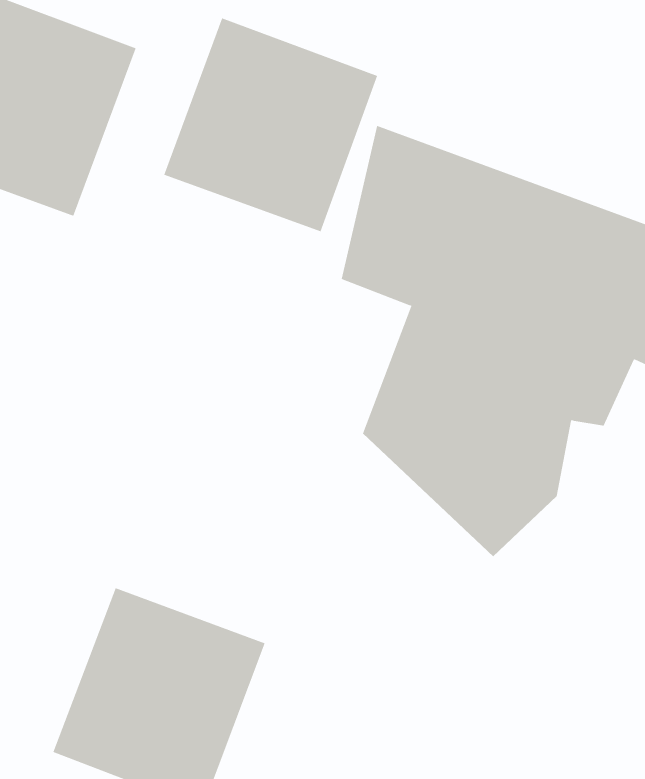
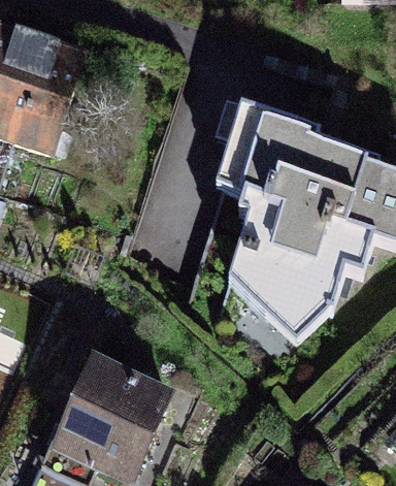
building: [164,17,378,232] -> none

